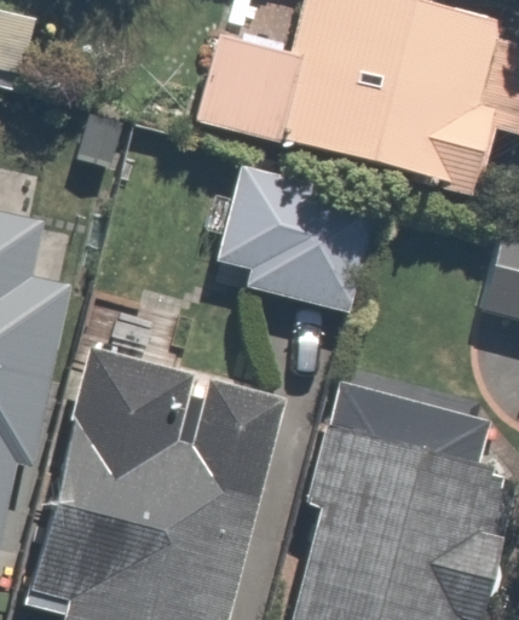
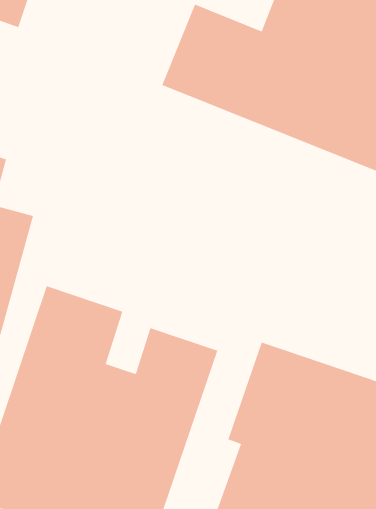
building: [218,162,382,314] -> none

